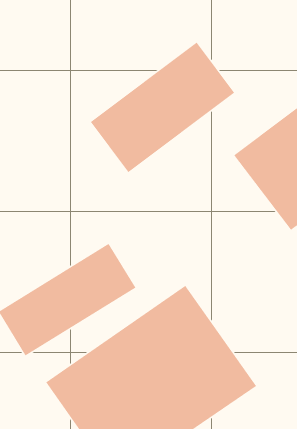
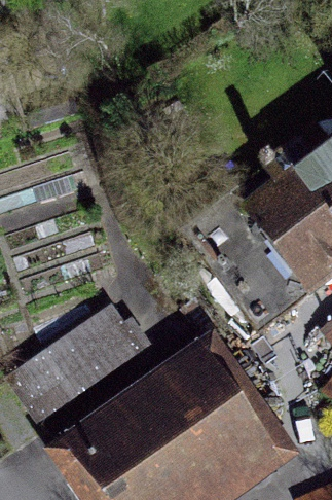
building: [90,41,235,173] -> none

